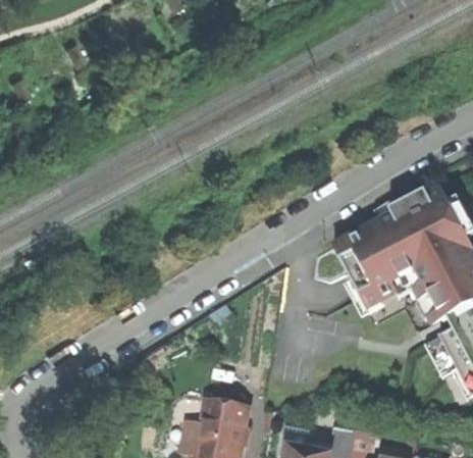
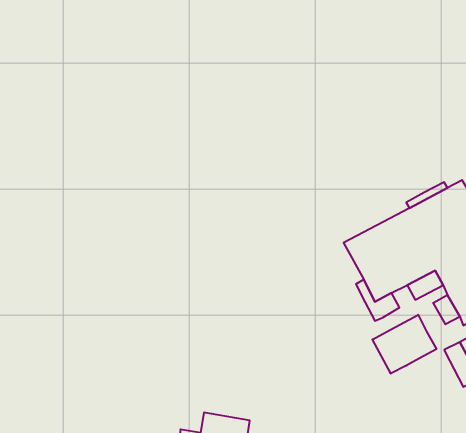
building: none -> [372,315,436,374]

